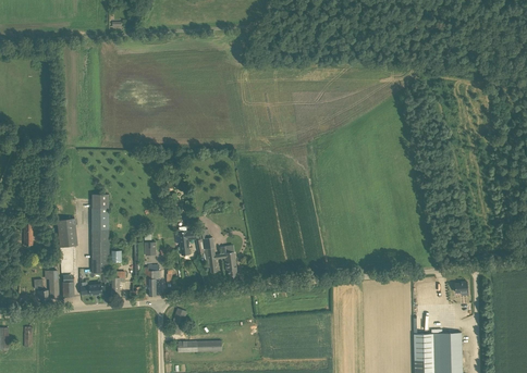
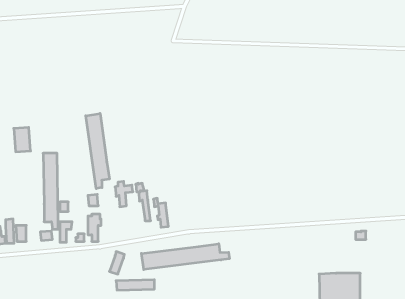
building: none -> [86,113,109,189]
building: [56,217,75,246] -> [14,127,31,152]
building: none -> [141,244,229,270]

